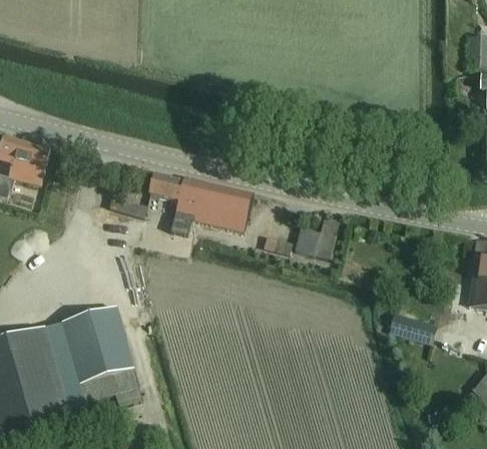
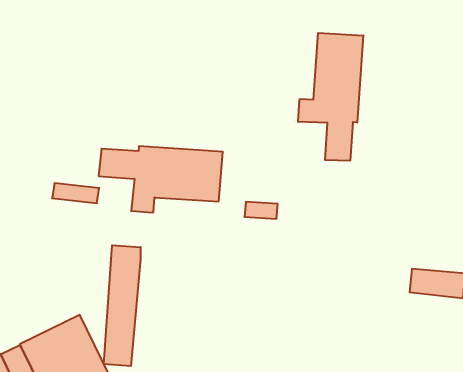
building: none -> [298,33,363,161]
building: [296,214,340,258] -> none
building: none -> [104,245,141,366]

